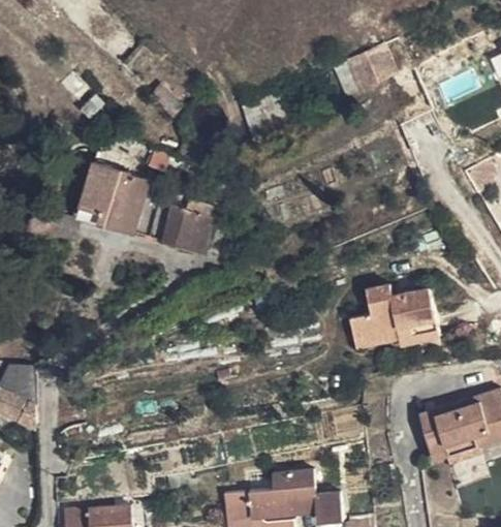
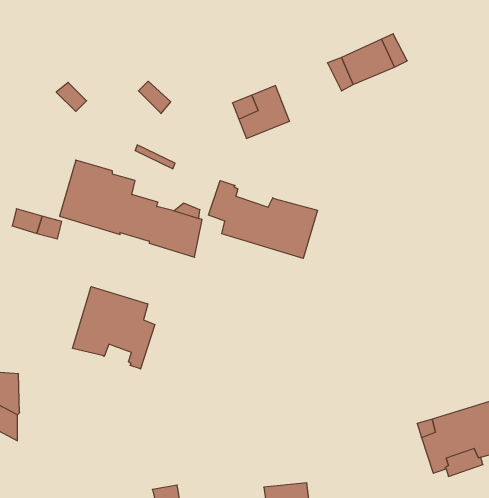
building: none -> [209,181,318,258]
building: none -> [73,287,155,369]
building: [350,286,439,347] -> none

